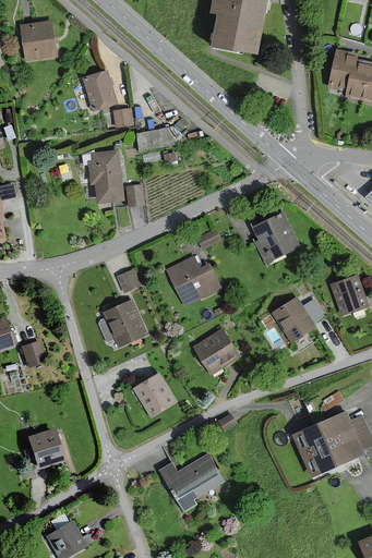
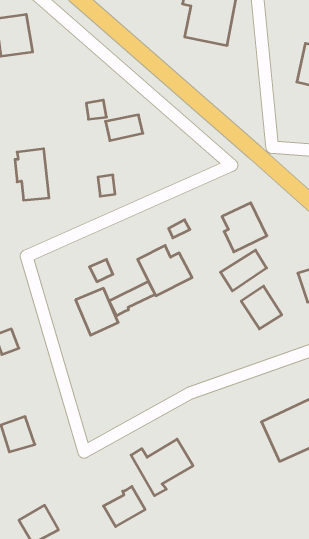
building: [83,70,118,109] -> none
building: [88,150,123,203] -> [15,149,49,200]
building: none -> [220,250,267,291]
building: none -> [109,281,155,316]
building: [194,330,240,376] -> none
building: [132,374,175,416] -> none
building: none -> [103,486,145,527]

